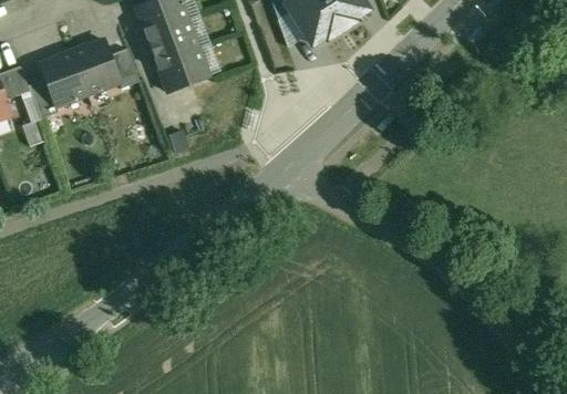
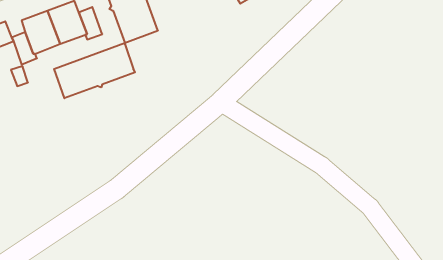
building: none -> [54,43,135,98]

